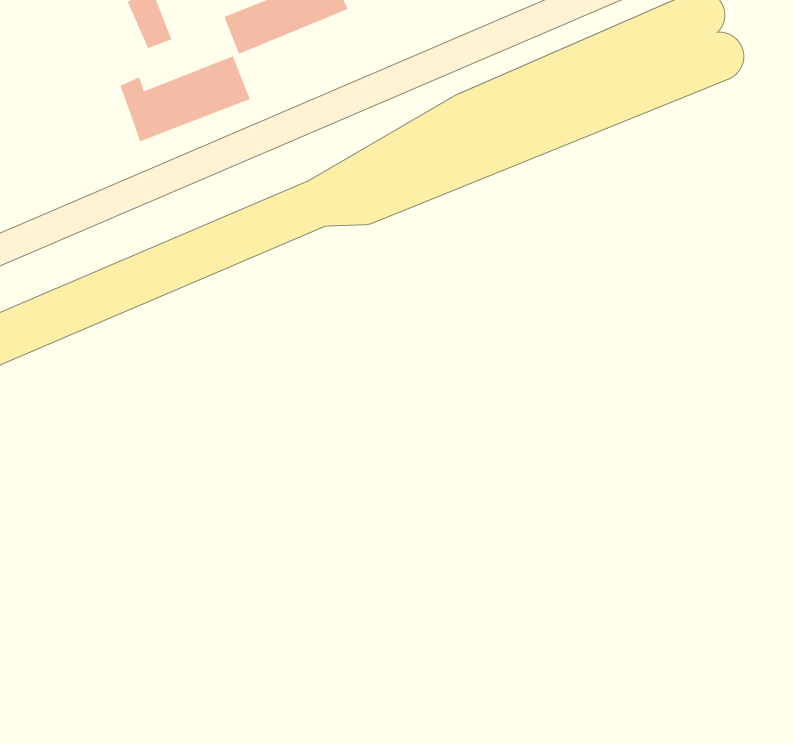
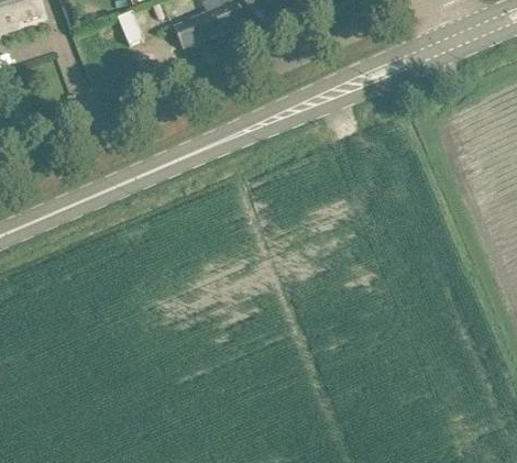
building: [119,55,251,142] -> none

